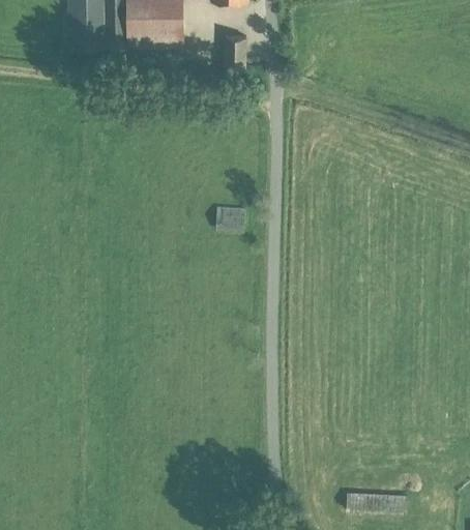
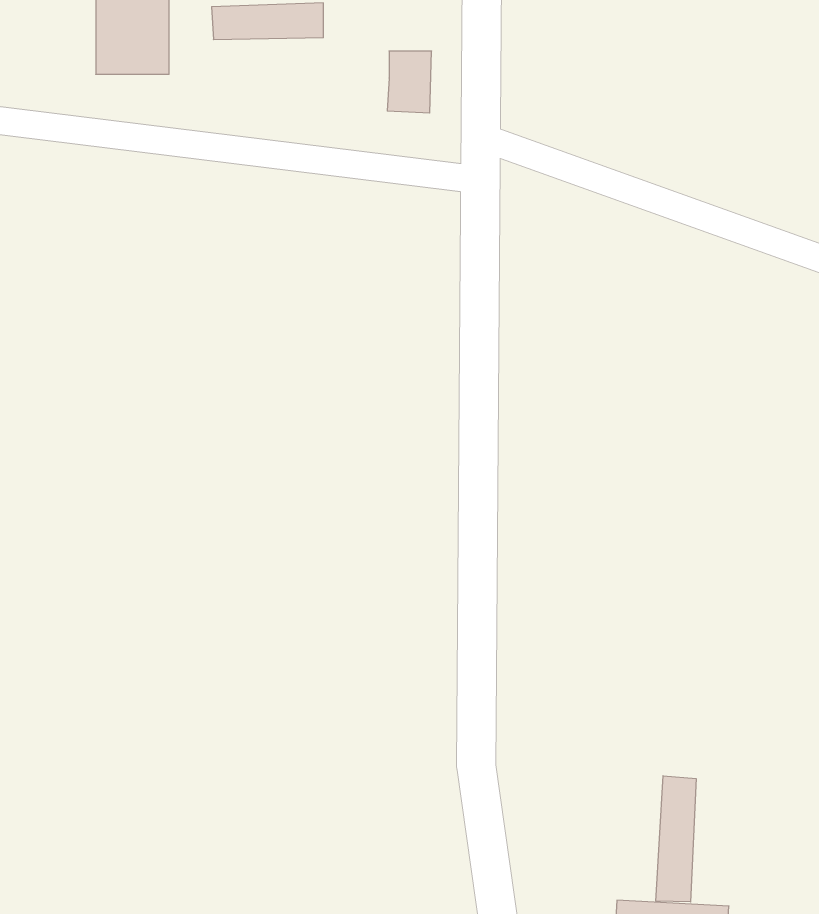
building: [214,206,243,230] -> none
building: none -> [656,776,696,902]

